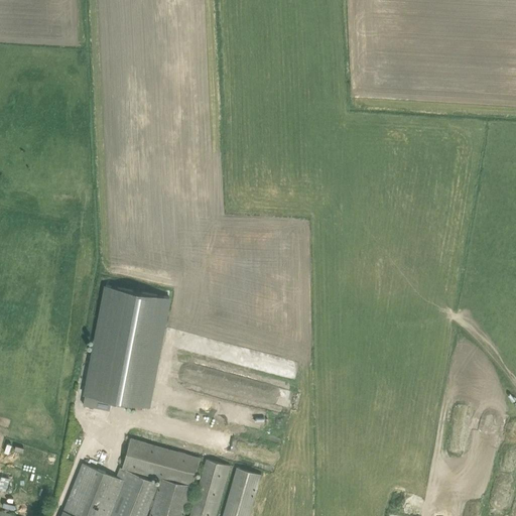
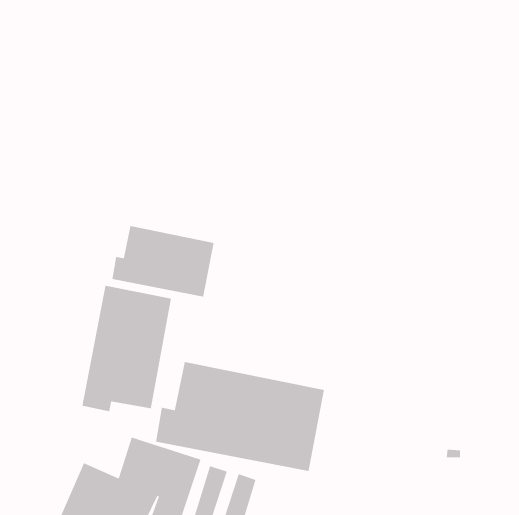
building: none -> [111,225,214,298]
building: none -> [155,361,325,472]

